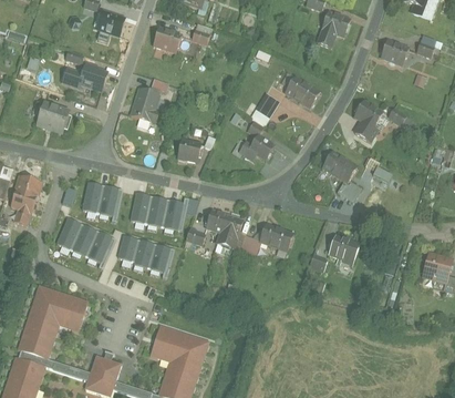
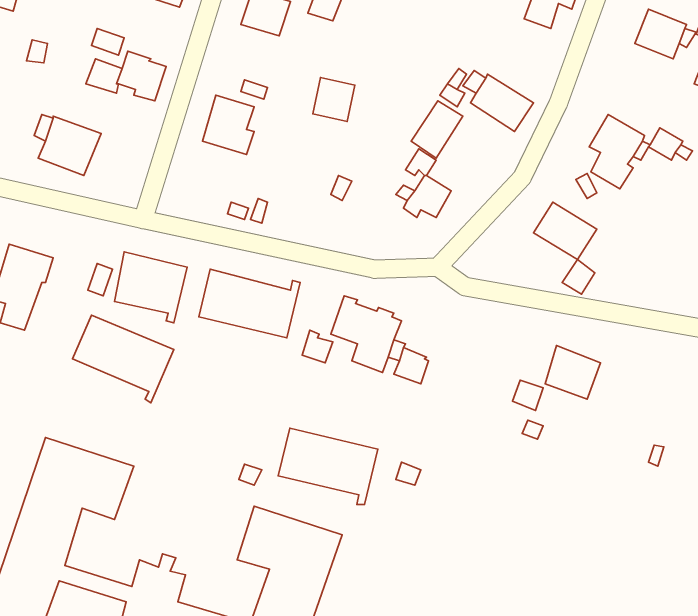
building: [177,136,201,162] -> [313,77,355,121]
building: [258,221,292,251] -> none
building: [115,233,173,277] -> [278,428,378,505]

